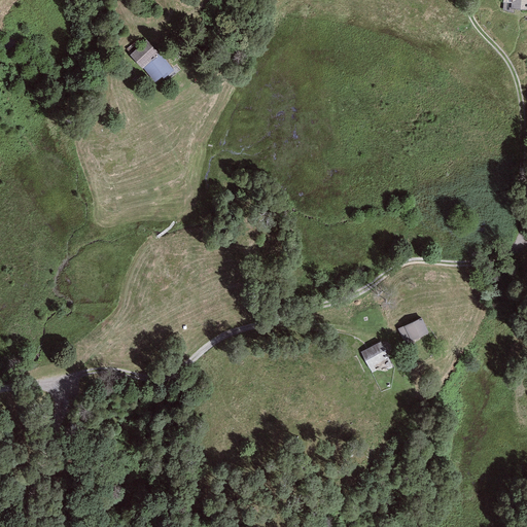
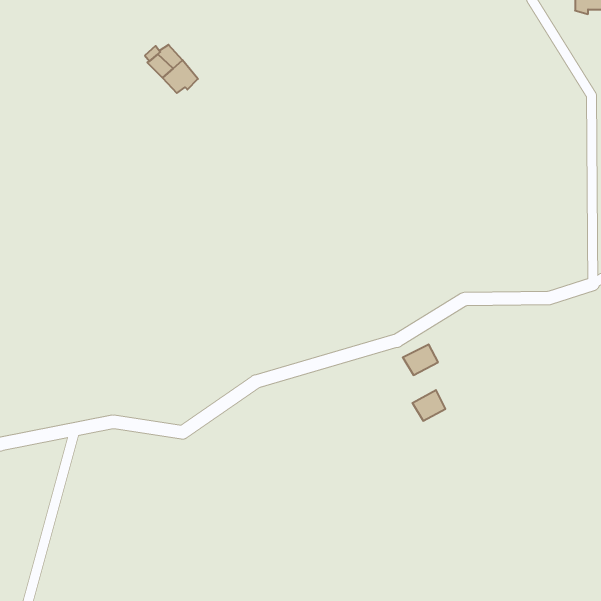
building: [398,317,429,344] -> [403,344,438,375]

